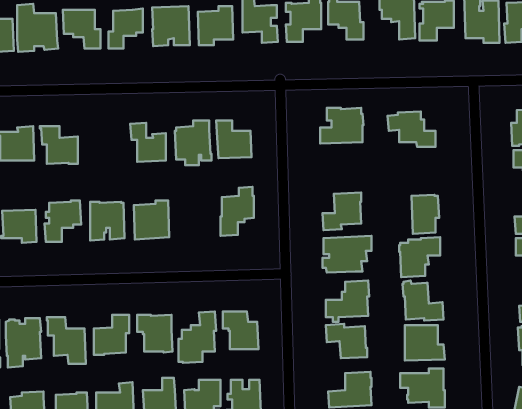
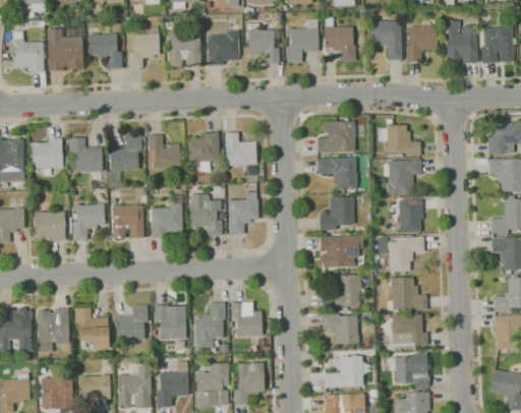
building: none -> [107,135,146,187]
building: none -> [317,158,357,189]
building: none -> [388,159,421,195]
building: none -> [190,194,223,236]

